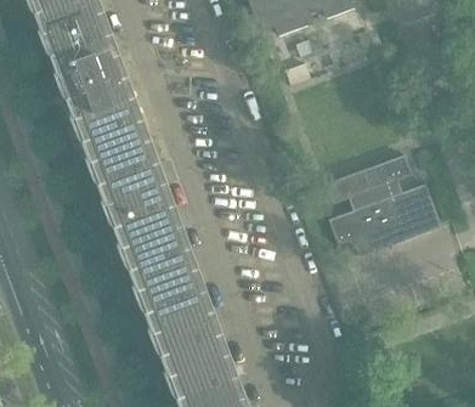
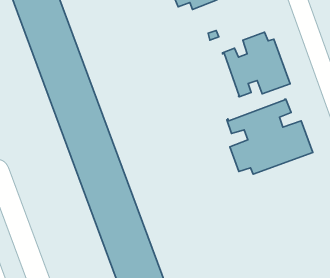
building: none -> [222,32,290,97]

